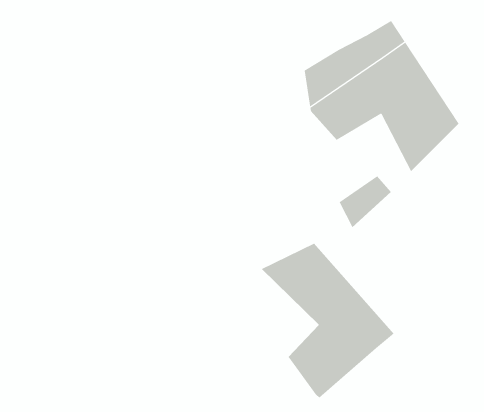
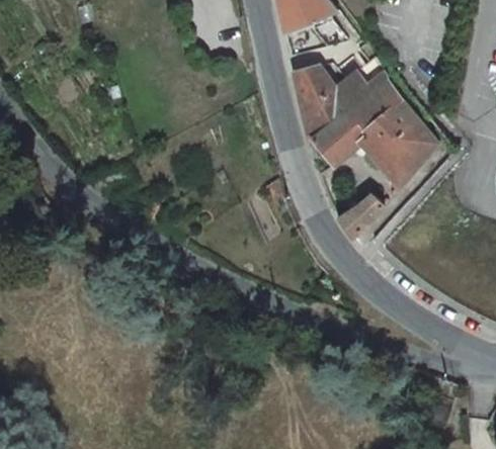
building: none -> [294,62,329,107]
building: [261,243,395,399] -> none

